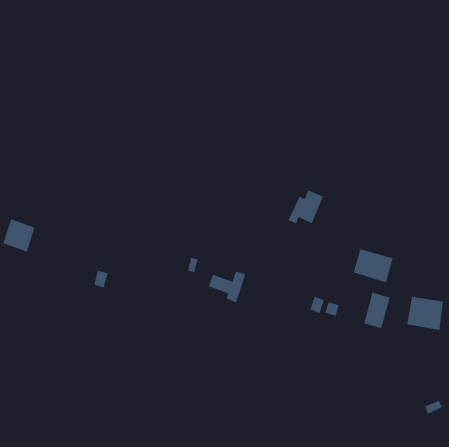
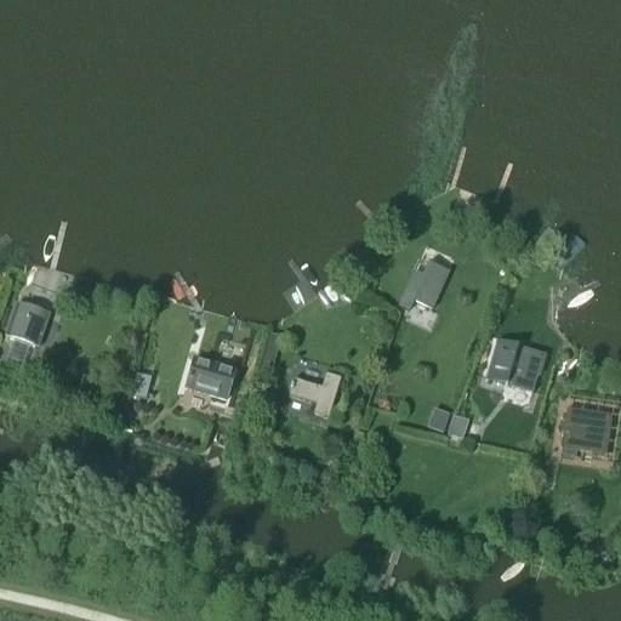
building: none -> [187,358,235,398]
building: [363,292,391,329] -> none

